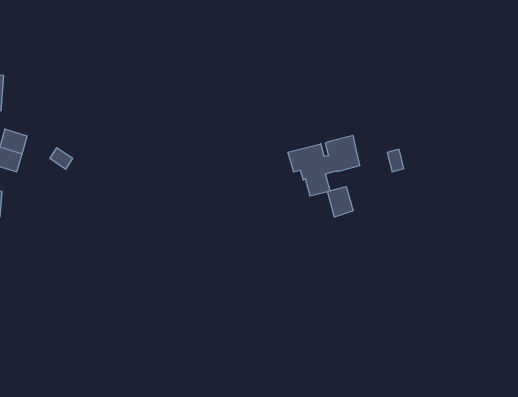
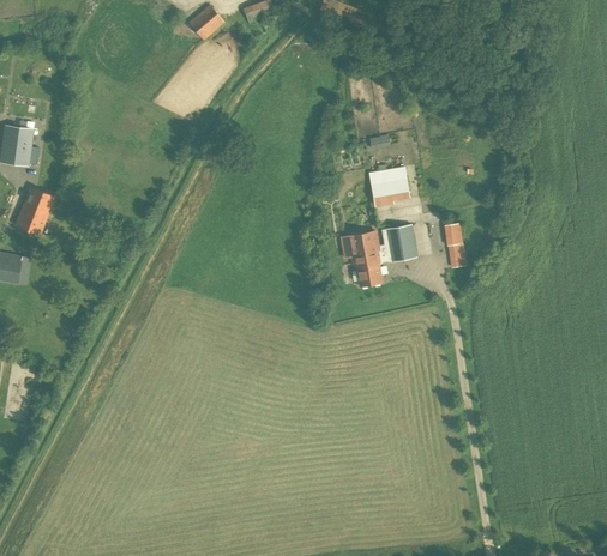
building: none -> [369,165,410,204]
building: [327,187,353,217] -> none

